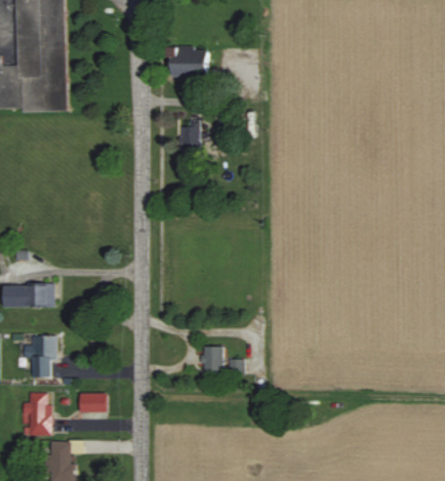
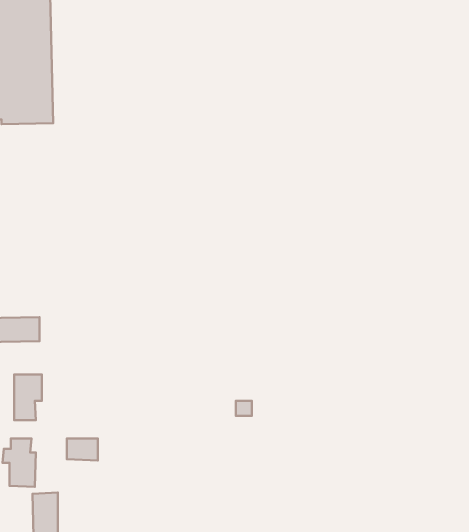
building: [170,47,210,76] -> none
building: [180,123,200,147] -> none
building: [203,346,224,371] -> none

